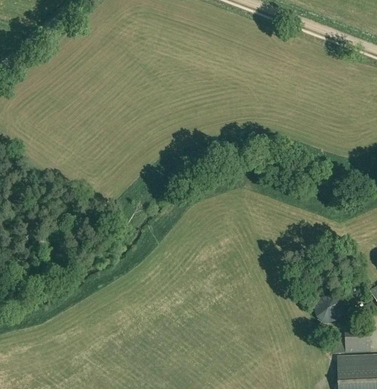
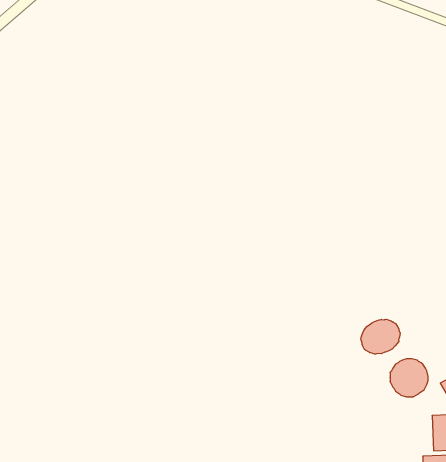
building: none -> [361,319,400,354]

